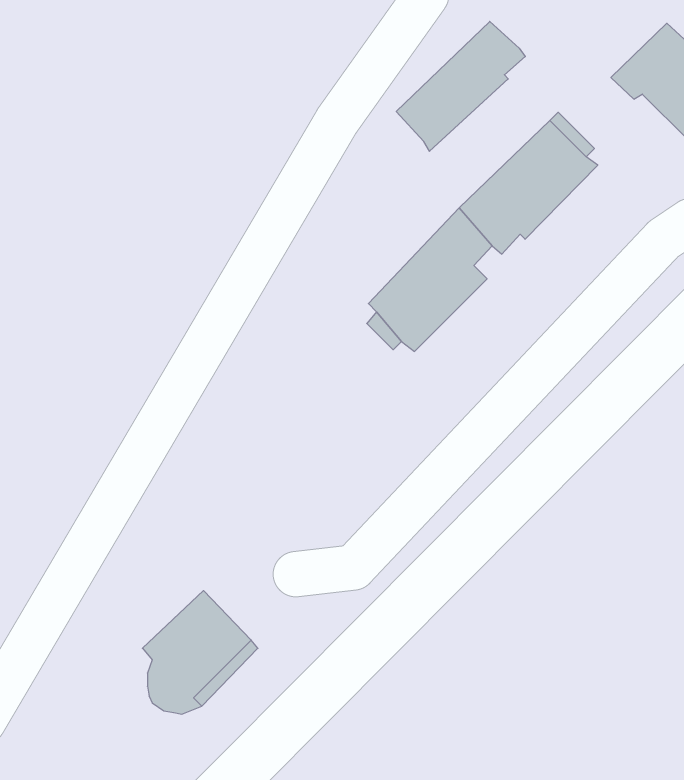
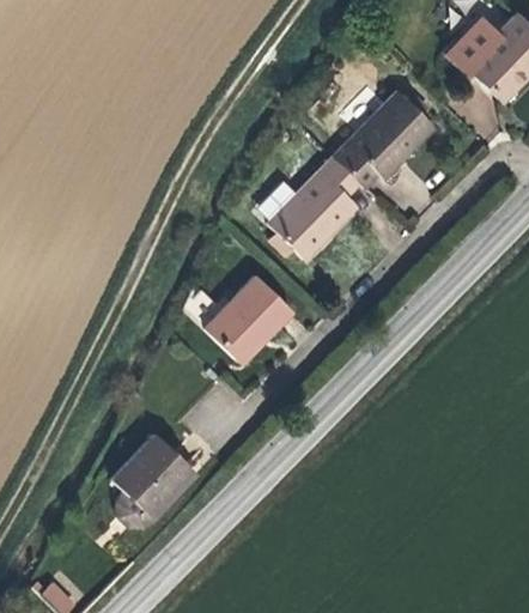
building: [396,21,525,151] -> none
building: none -> [203,272,291,362]

